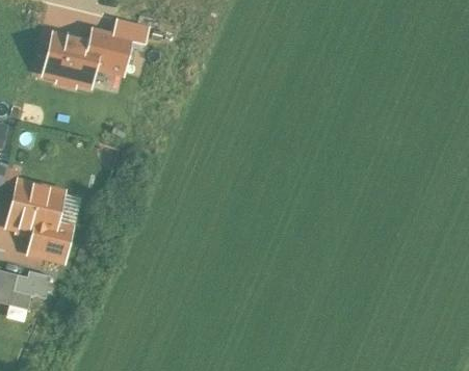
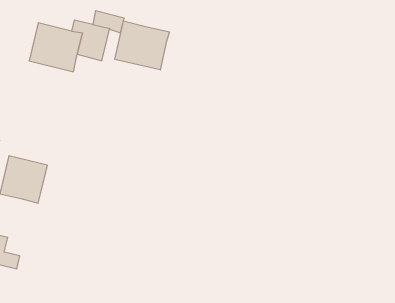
building: none -> [115,21,170,70]
building: [25,220,74,263] -> none
building: [12,269,49,296] -> none

